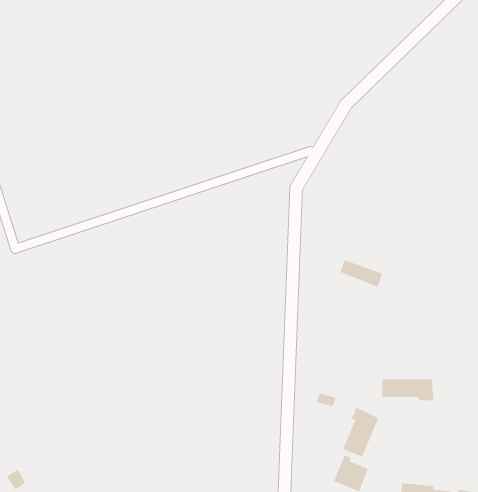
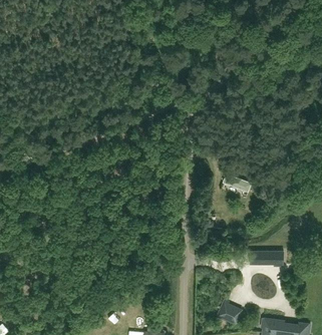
building: [343,407,379,458] -> none

